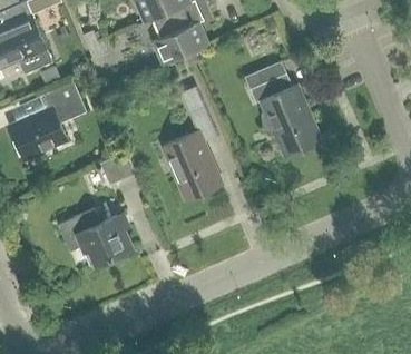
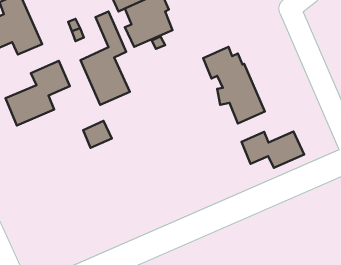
building: [163,88,222,199] -> [81,12,130,105]
building: none -> [241,131,304,168]
building: [58,208,133,265] -> none

